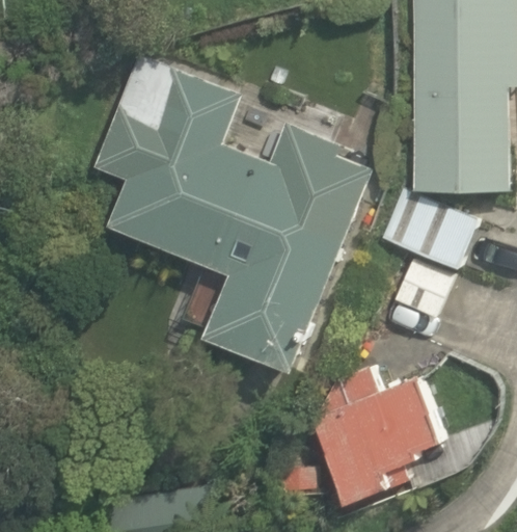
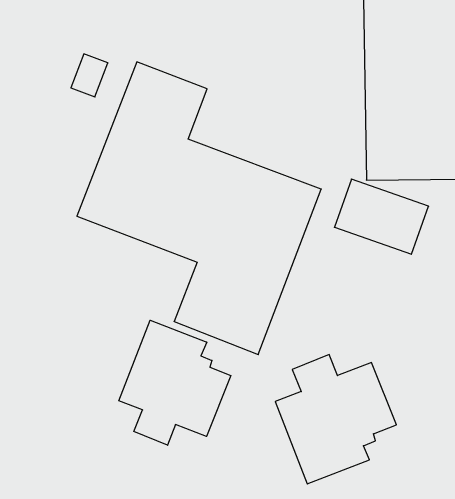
building: none -> [119,320,231,445]

